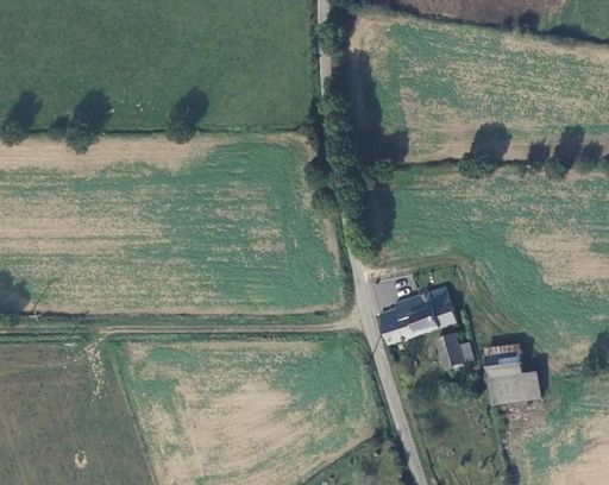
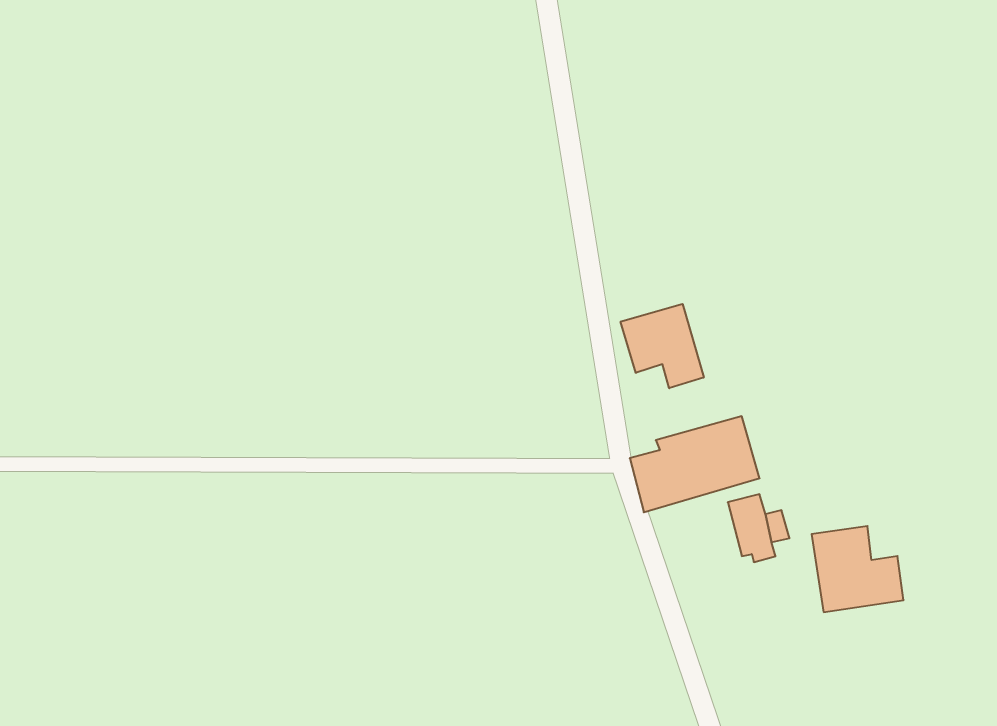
building: none -> [621,304,704,388]

